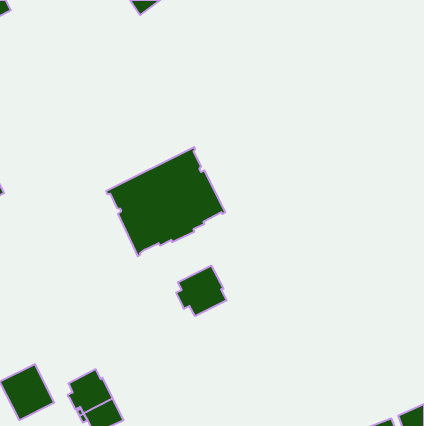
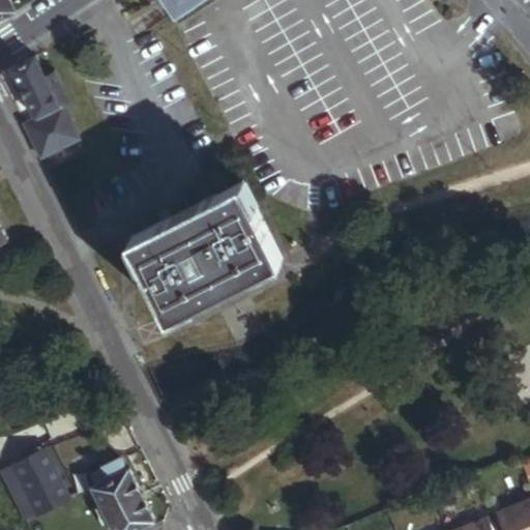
building: none -> [9,58,80,161]
building: [176,266,227,316] -> none

